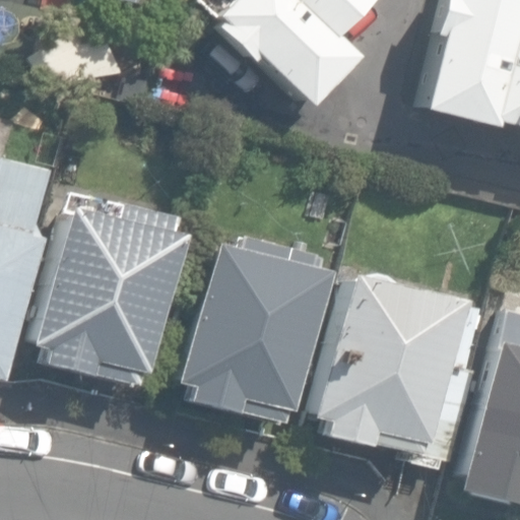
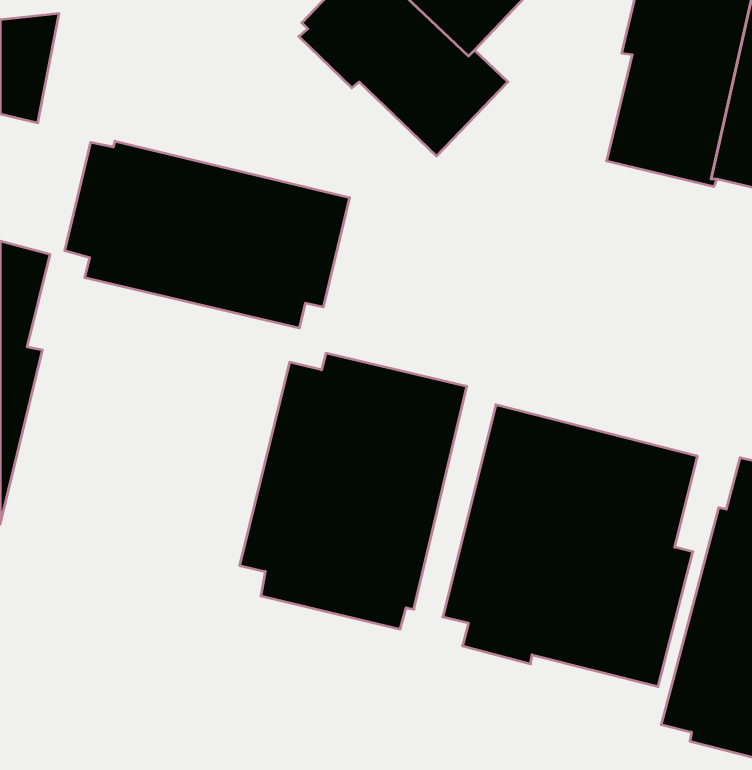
building: none -> [65,141,350,328]
building: [34,203,186,380] -> none

